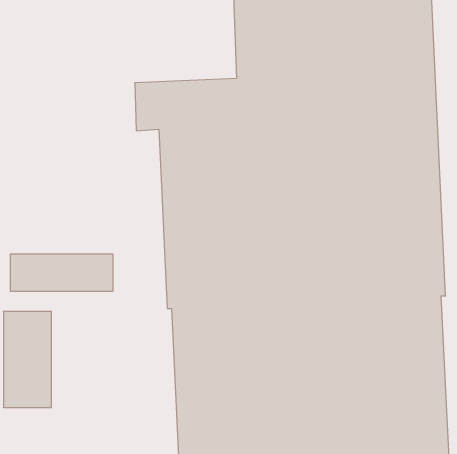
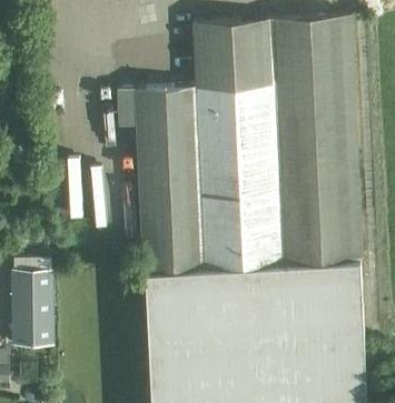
building: [11,254,113,291] -> none

